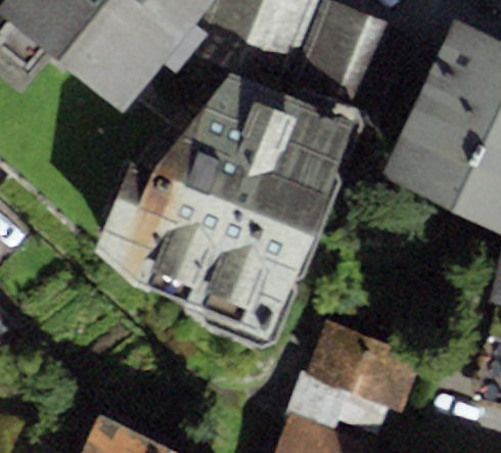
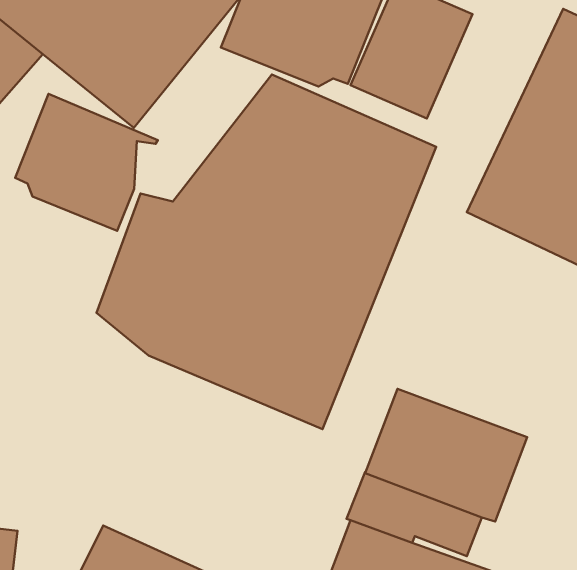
building: none -> [15,94,158,231]

